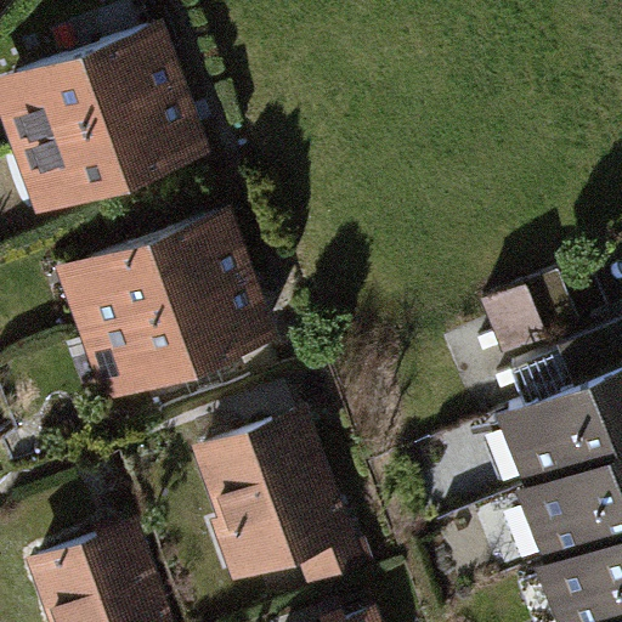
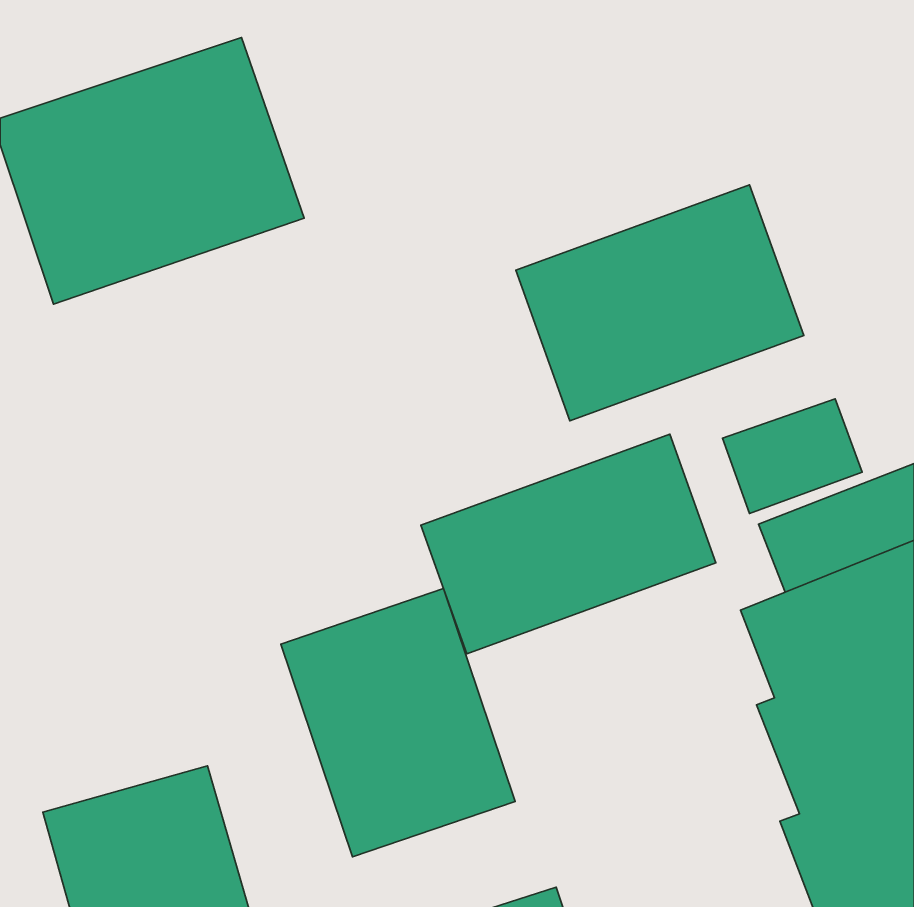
building: none -> [516,185,804,421]
building: [62,213,277,406] -> none
building: none -> [421,434,716,654]

